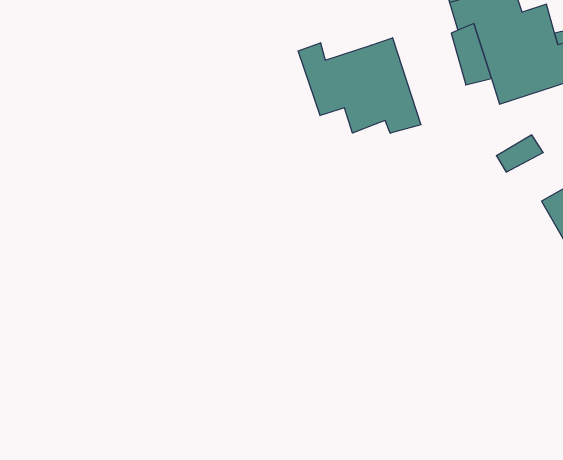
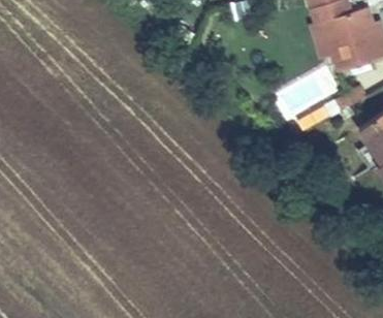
building: [298,38,421,133] -> none

